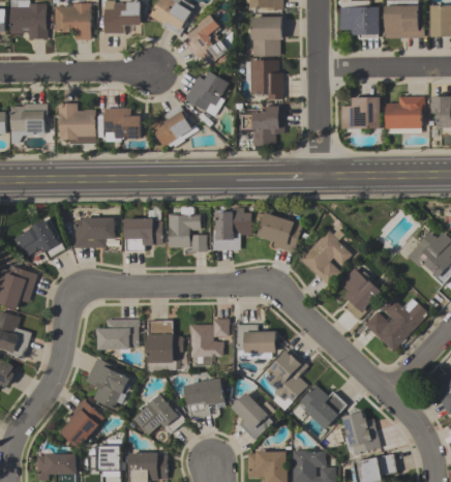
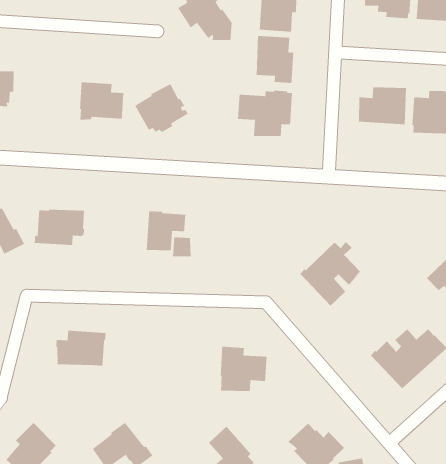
building: [184,70,229,116] -> none
building: [57,102,95,144] -> none
building: [124,207,161,251] -> none
building: [212,210,250,249] -> none
building: [257,211,302,252] -> none
building: [338,267,380,319] -> none
building: [188,318,229,356] -> none
building: [147,320,182,362] -> none
building: [265,347,307,410] -> none
building: [85,357,129,409] -> none
building: [184,376,224,418] -> none

